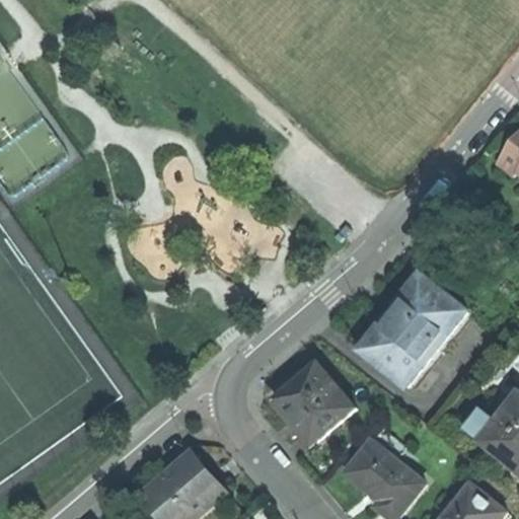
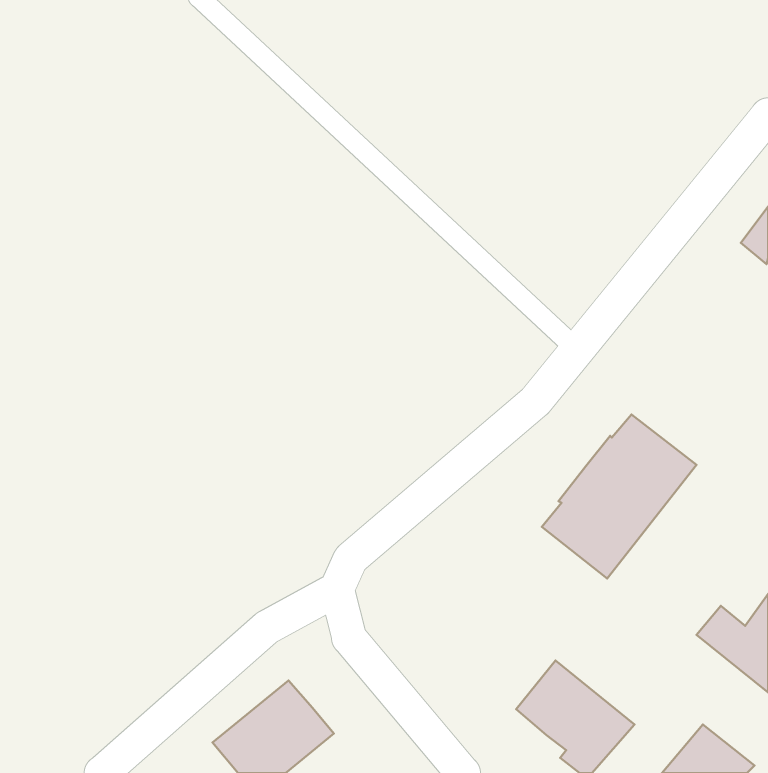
building: [274,364,354,444] -> none

